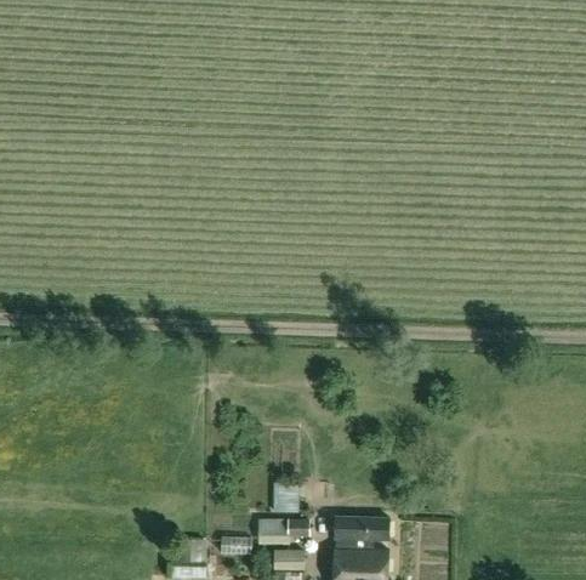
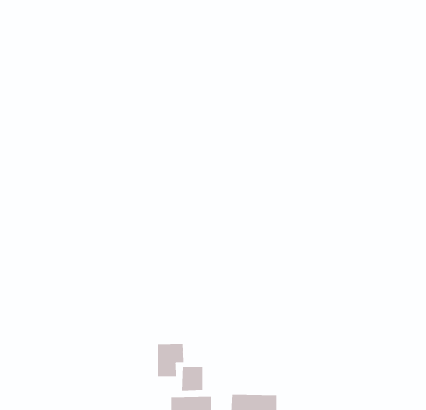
building: none -> [157,343,184,377]

